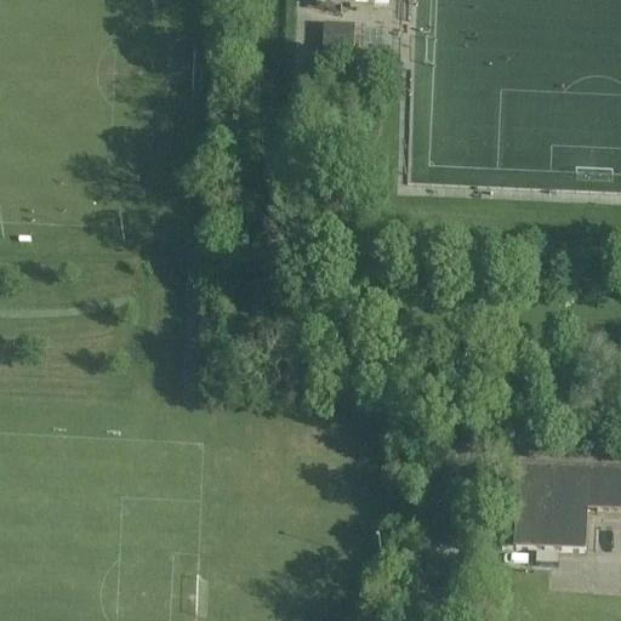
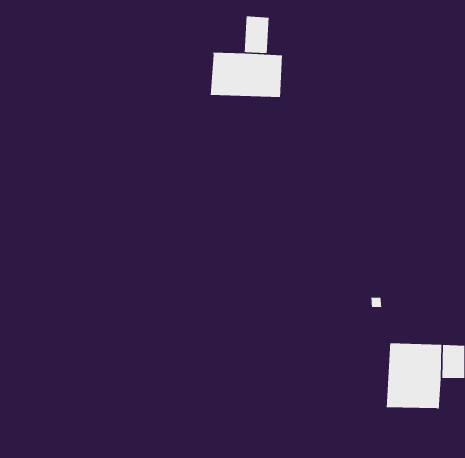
building: none -> [210,52,283,98]

